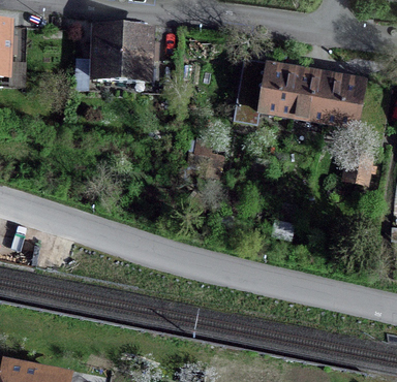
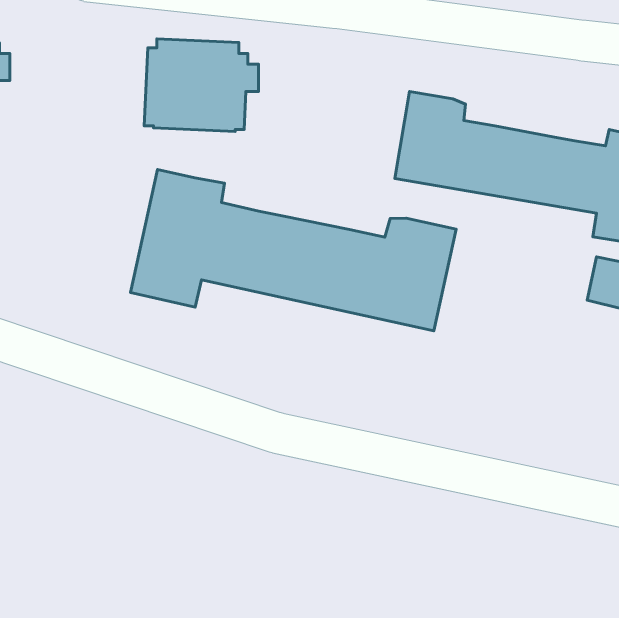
building: none -> [131,170,456,331]

